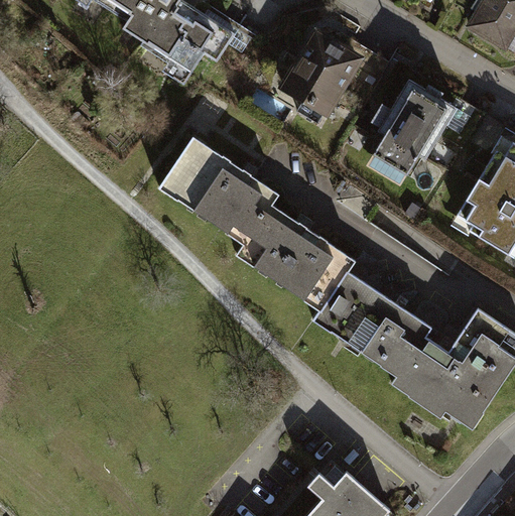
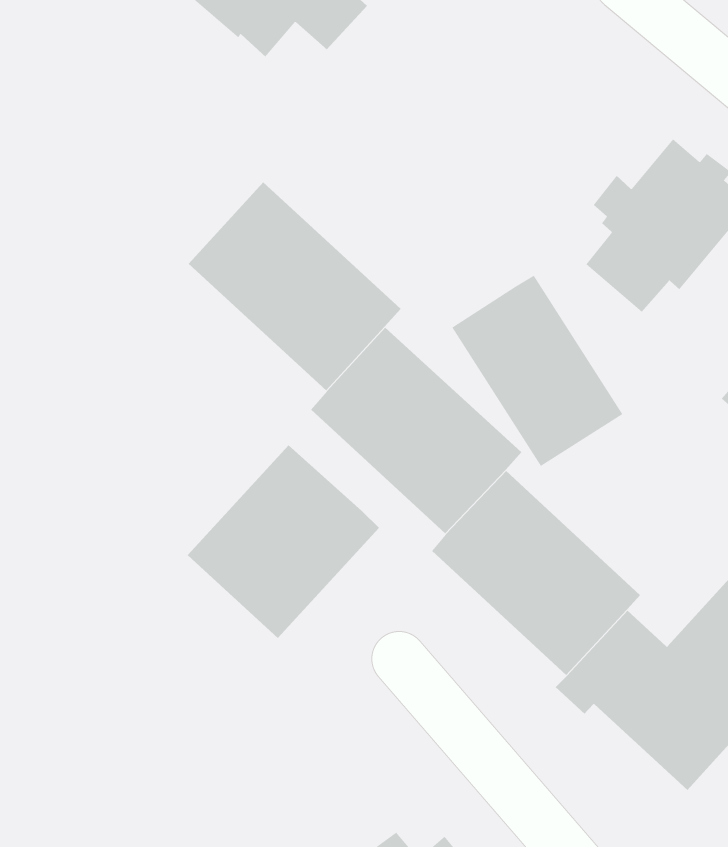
building: [284,34,358,123] -> none
building: none -> [451,275,623,467]
building: none -> [187,444,380,639]

